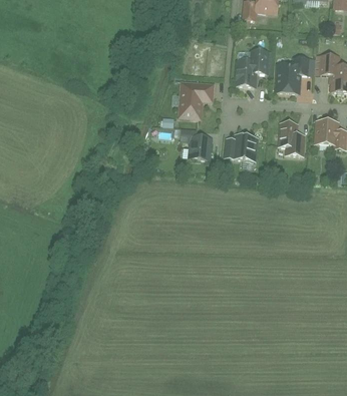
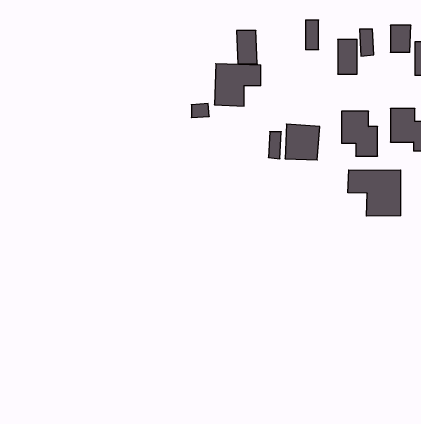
building: [234,60,250,86] -> [237,31,257,64]
building: [183,132,212,157] -> none
building: none -> [348,170,401,216]

